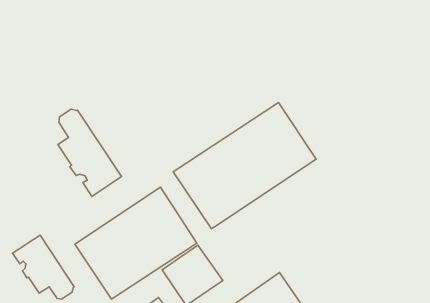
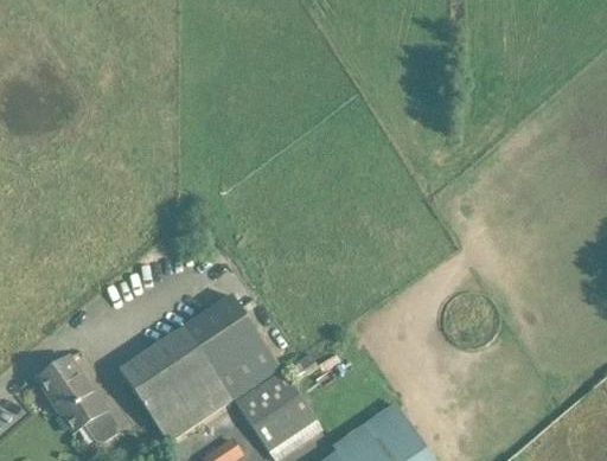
building: [173,103,316,229] -> none
building: [58,109,122,196] -> none

